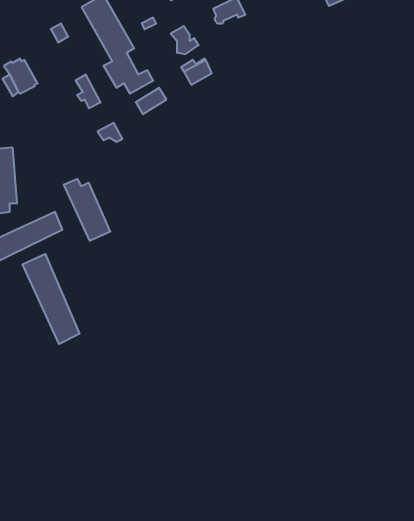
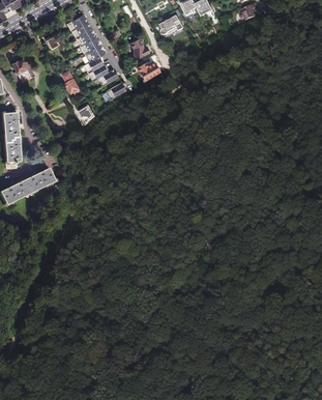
building: [64,179,110,241] -> none
building: [22,254,79,344] -> none

